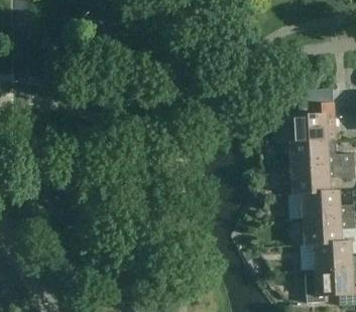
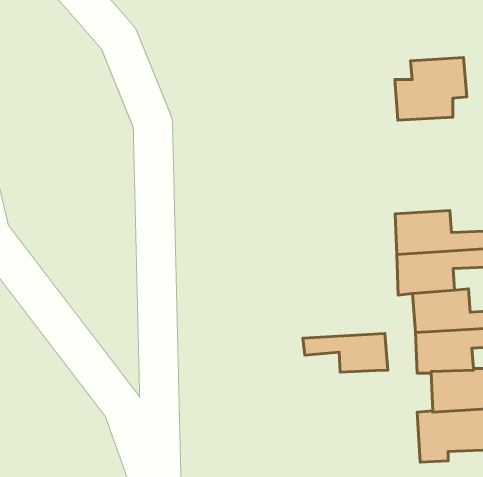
building: [288,102,335,142] -> [395,58,467,120]
building: none -> [303,333,388,372]

